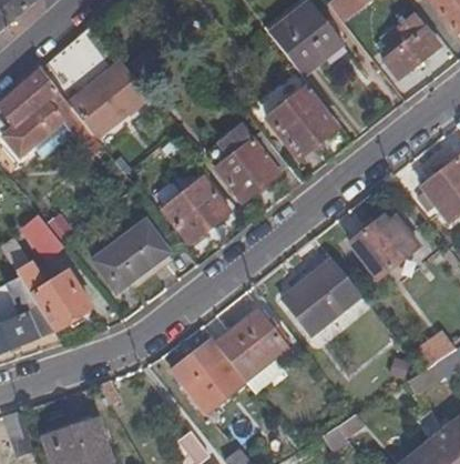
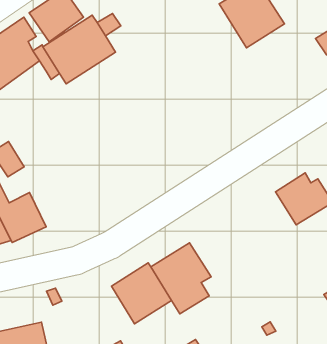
building: [266,91,336,161] -> none
building: [216,127,290,204] -> none
building: [162,178,231,244] -> none
building: [92,220,170,292] -> none
building: [283,256,360,332] -> none

